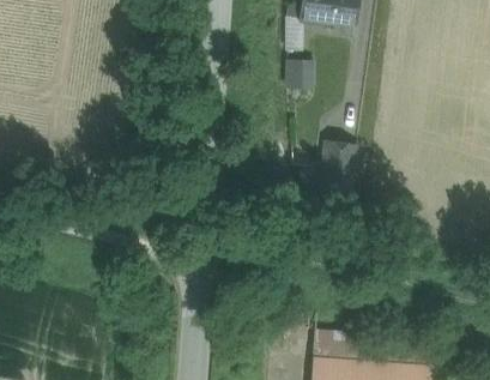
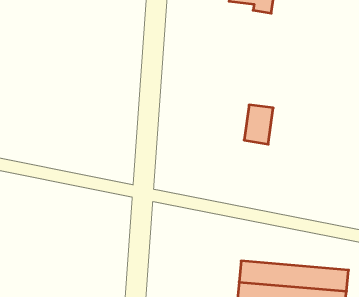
building: [286,58,315,88] -> none

